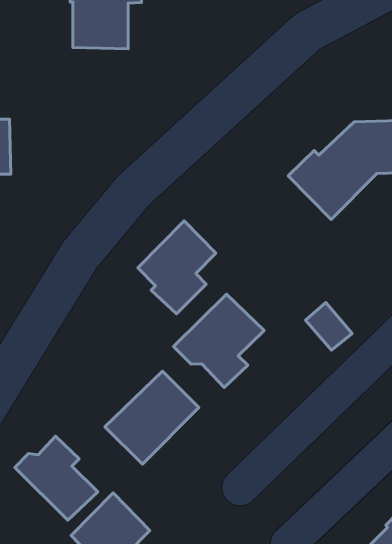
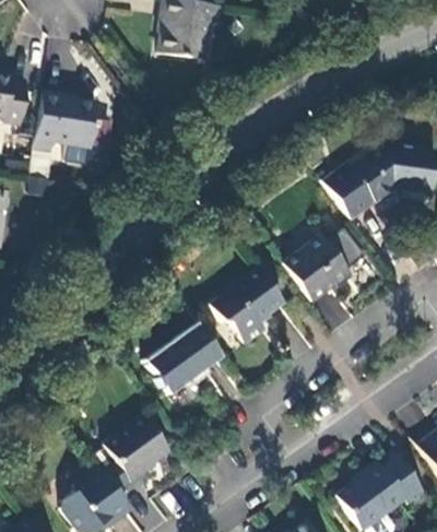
building: [138,221,216,314] -> none
building: none -> [283,236,349,302]
building: [15,436,98,520] -> none

